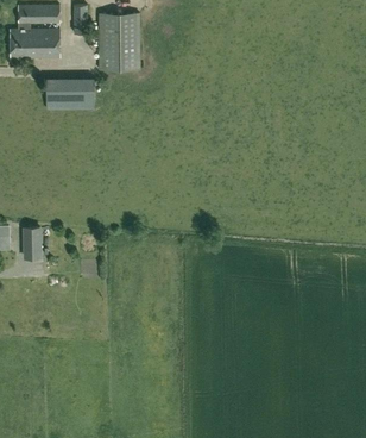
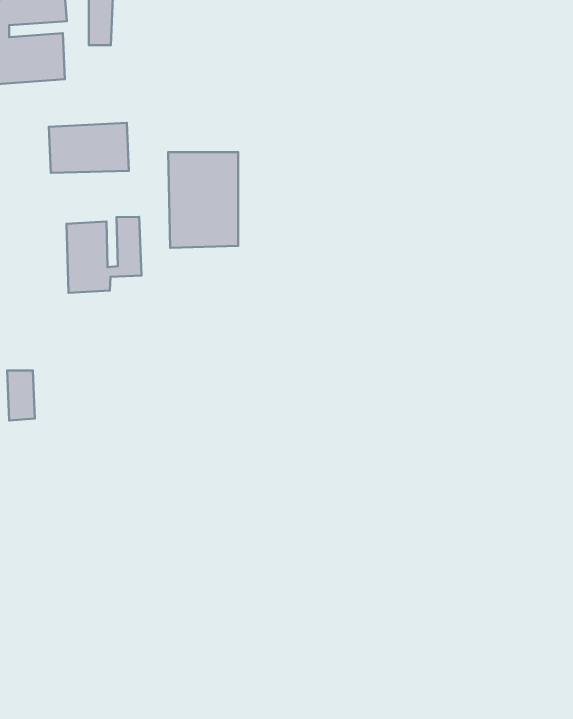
building: [97,13,139,70] -> [168,152,238,248]
building: none -> [67,217,142,293]

